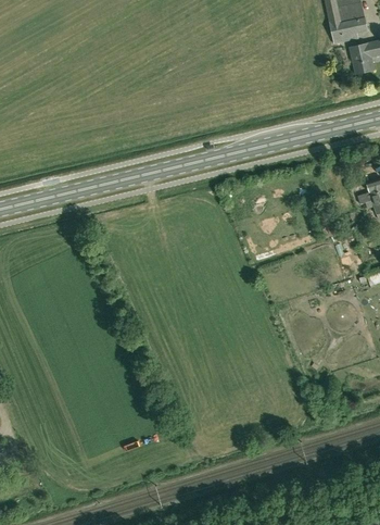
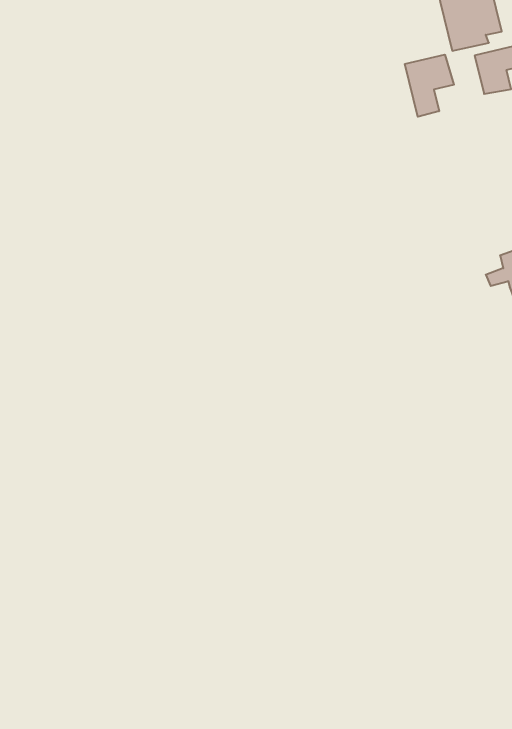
building: none -> [405,55,454,117]

